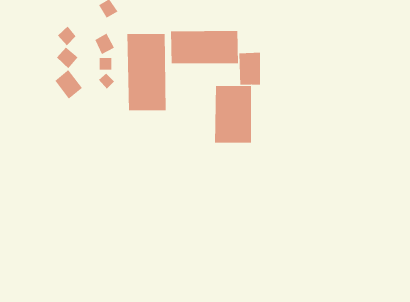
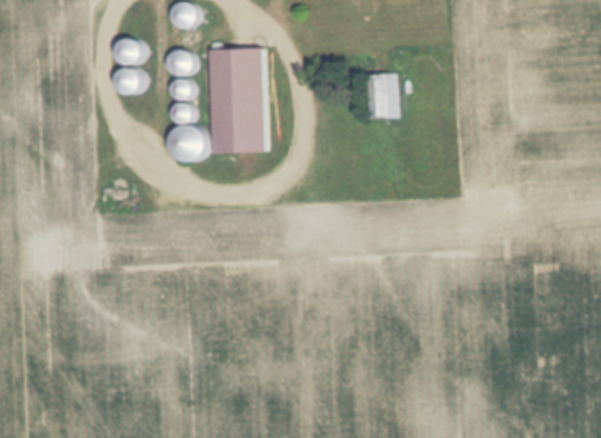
building: [170,30,239,64] -> none
building: [54,69,83,99] -> [168,123,207,165]
building: [215,85,252,144] -> none

